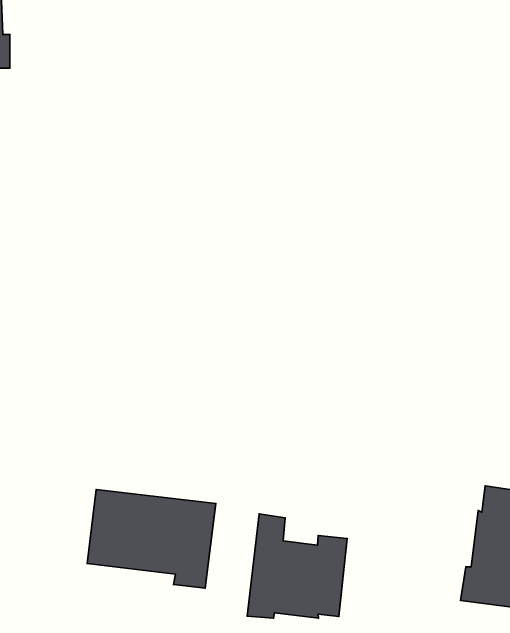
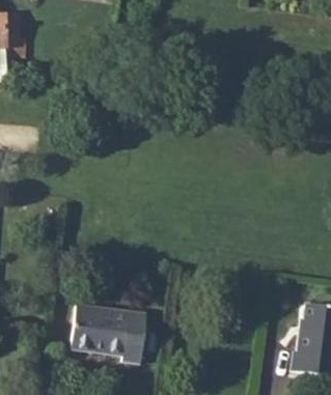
building: [247,514,347,618] -> none

